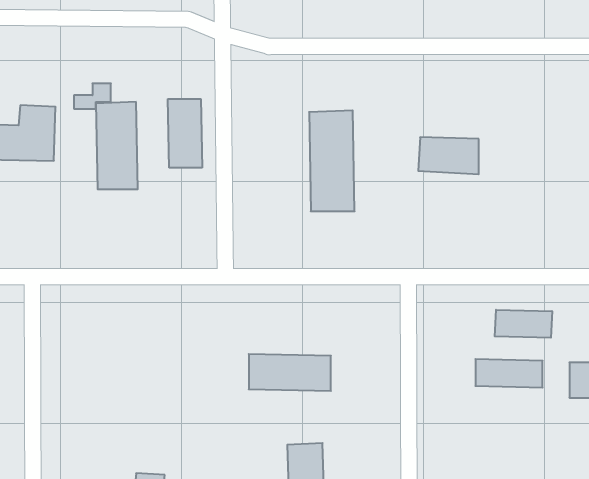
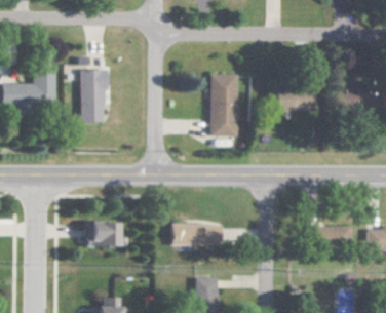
building: [168,99,202,168] -> none
building: [495,310,552,338] -> none
building: none -> [86,221,120,246]

